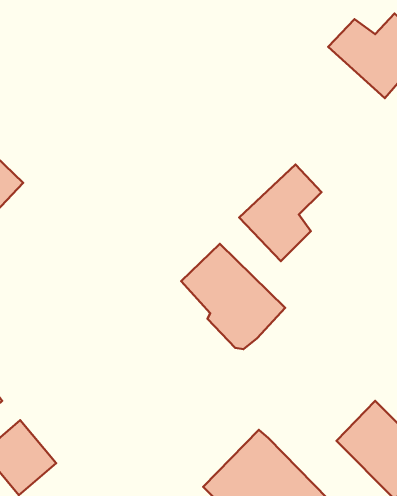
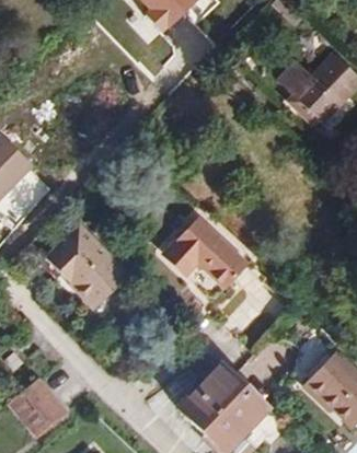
building: [239,165,321,261] -> none
building: none -> [47,233,133,315]

